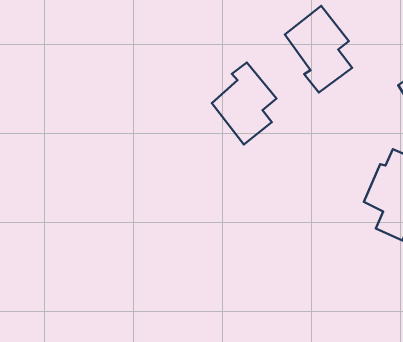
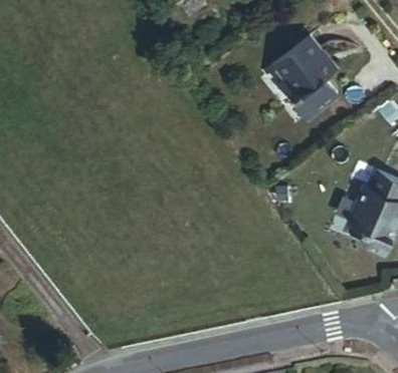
building: [212,63,276,144] -> none

